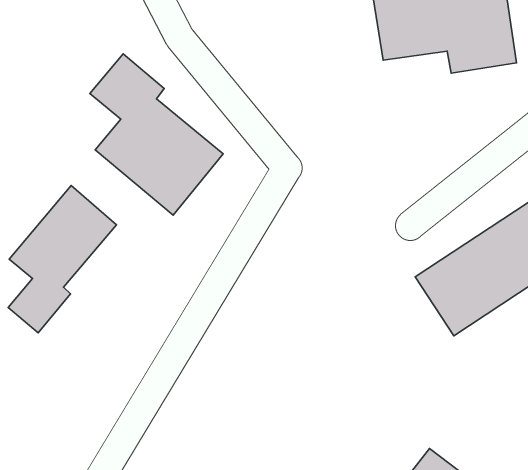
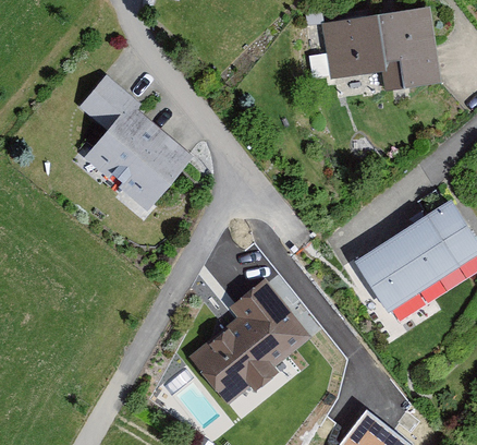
building: [8,185,116,333] -> none
building: none -> [189,277,313,402]

